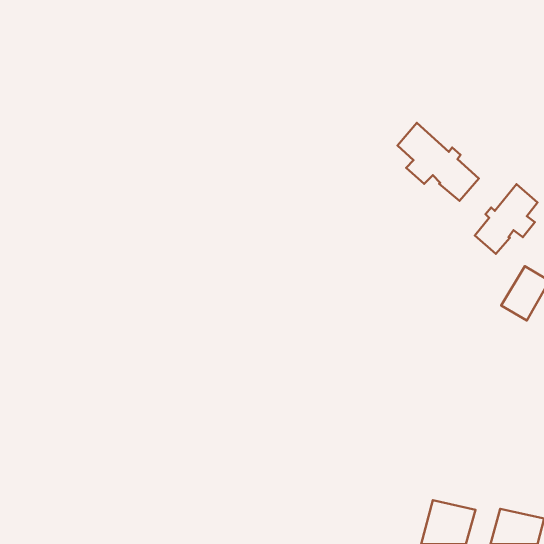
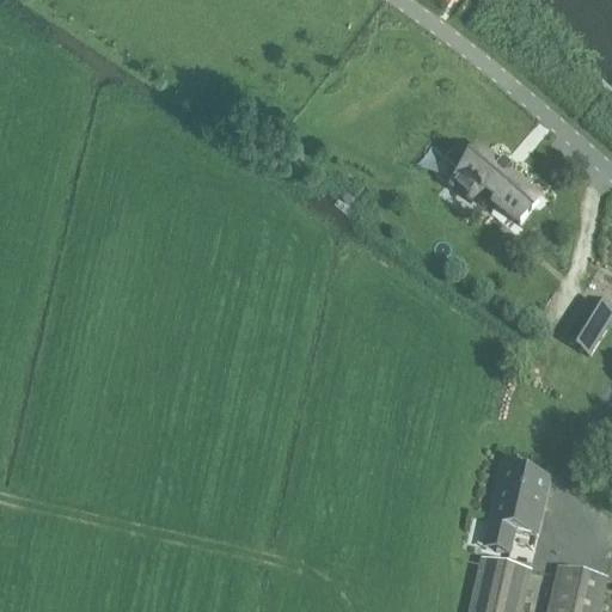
building: [475,184,538,254] -> none
building: none -> [486,463,551,555]

